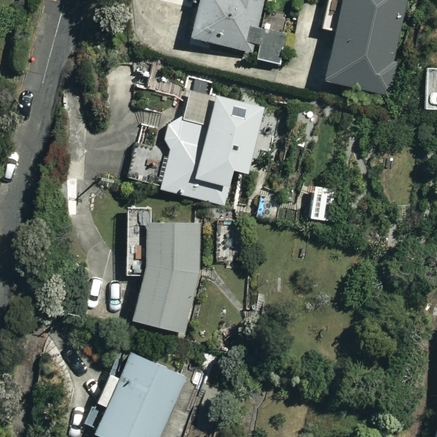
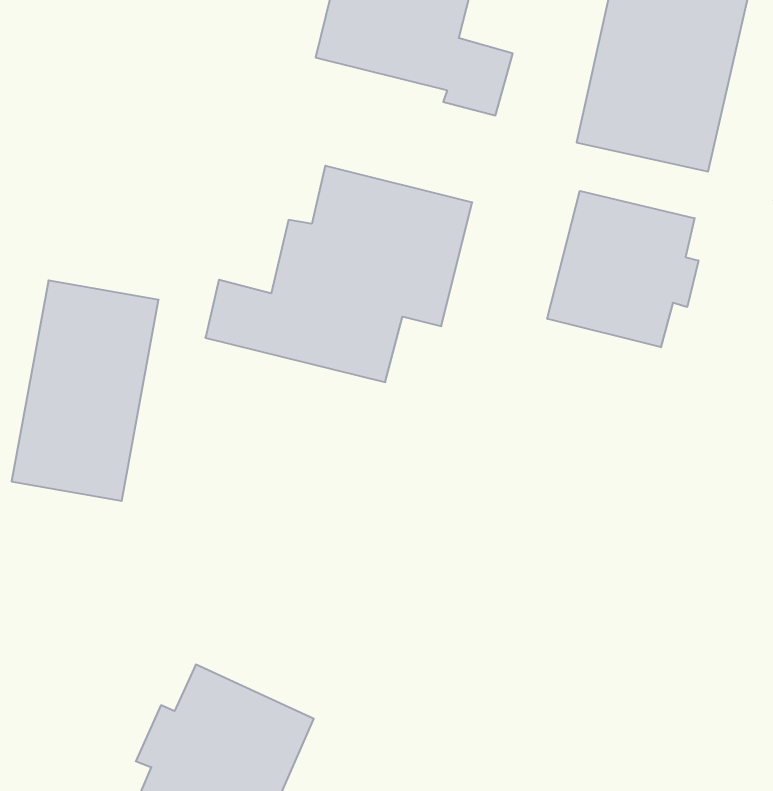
building: none -> [547,191,698,347]
building: [130,215,206,329] -> [12,280,159,501]

